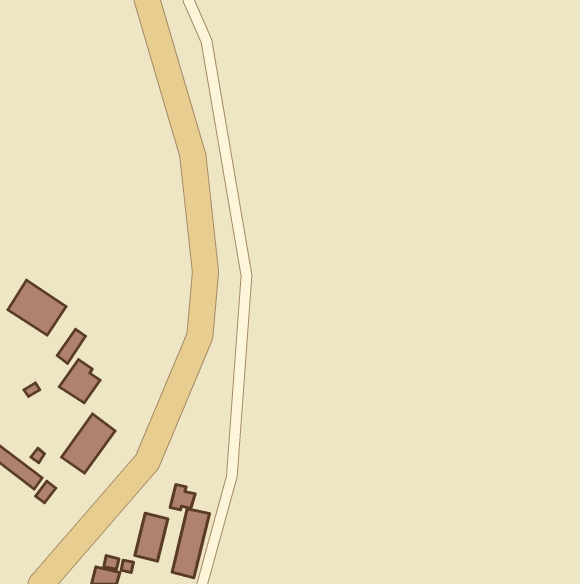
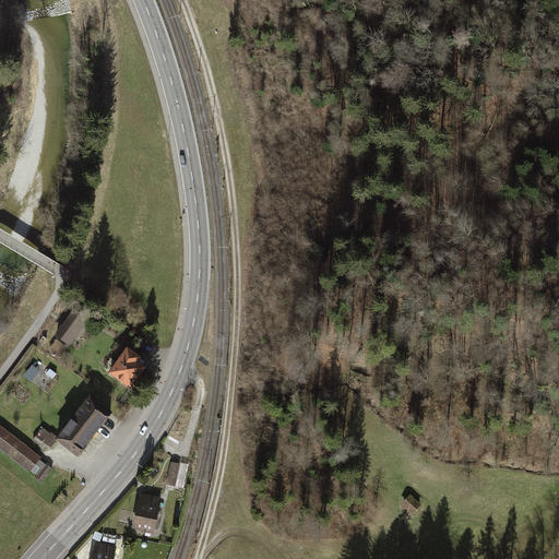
building: [8,280,66,335] -> none
building: [59,360,100,403] -> [105,347,144,389]
building: [172,509,209,578] -> none

